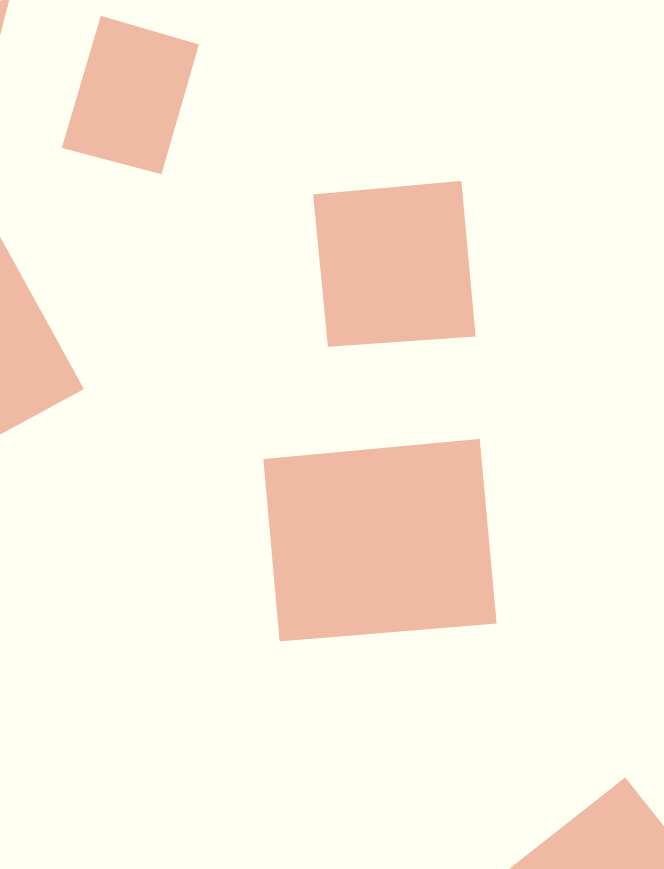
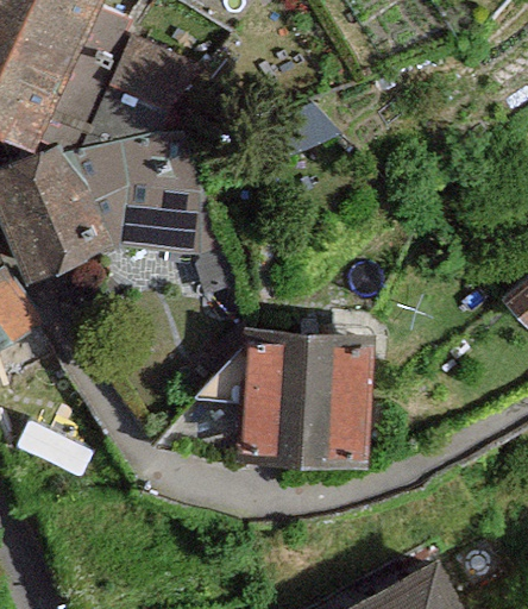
building: [313,180,476,348] -> none
building: none -> [115,156,207,264]

